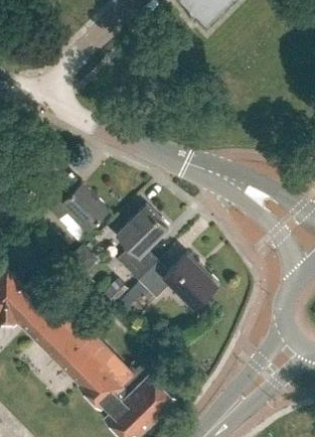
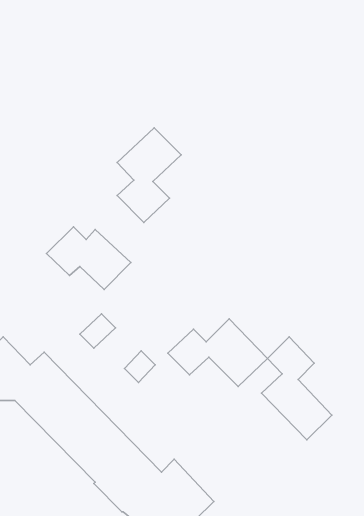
building: [117,207,167,282] -> [117,128,181,222]
building: none -> [262,337,332,440]

